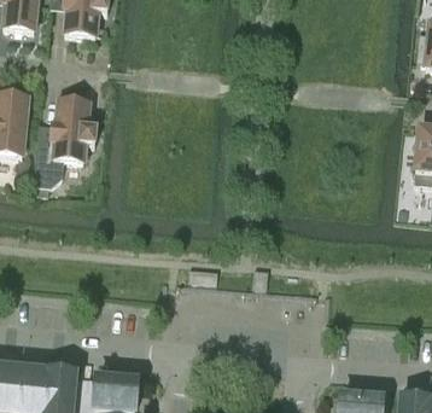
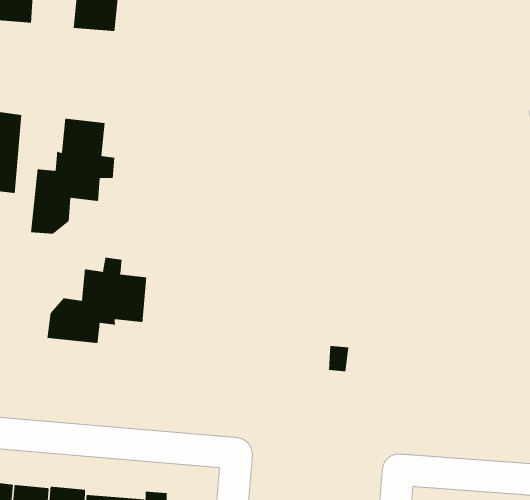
building: none -> [47,257,147,344]

